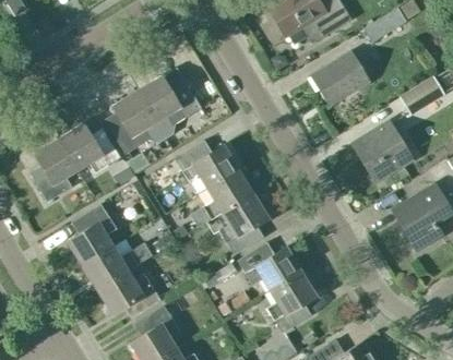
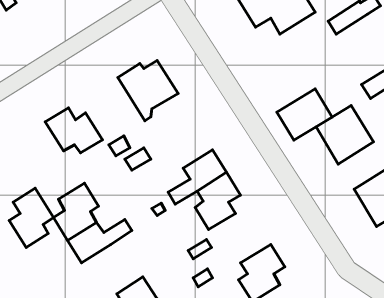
building: [311,50,371,106] -> [277,89,332,140]
building: [108,89,166,153] -> none
building: [29,137,78,202] -> [9,188,53,248]
building: [176,140,239,188] -> none
building: [237,241,302,290] -> none
building: [97,271,160,319] -> none

